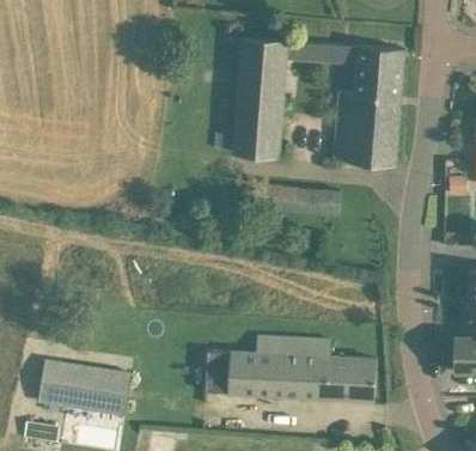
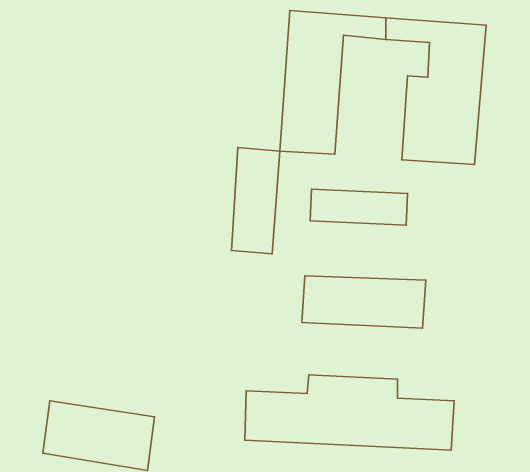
building: none -> [232,147,280,254]
building: none -> [302,276,426,328]

